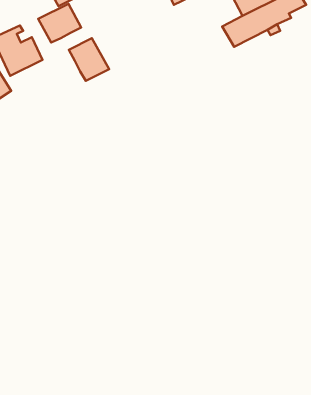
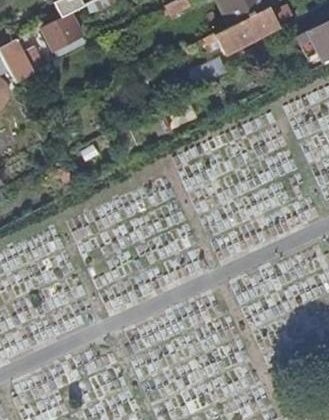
building: [69,38,109,81] -> none

